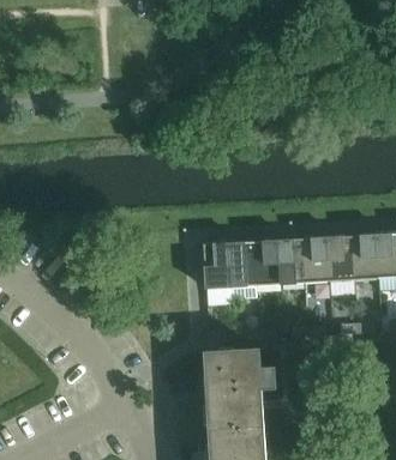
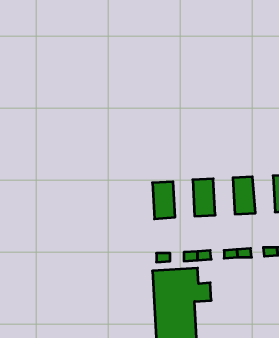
building: [325,235,353,280] -> none
building: [277,237,304,283] -> none
building: [228,240,256,297] -> none

